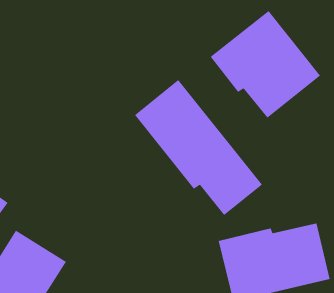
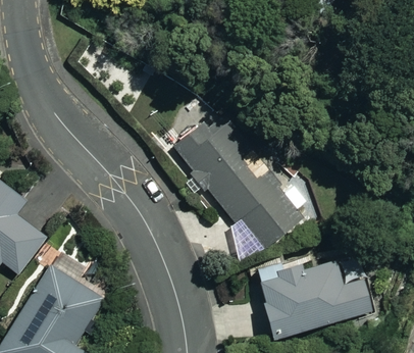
building: [210,10,321,119] -> none

